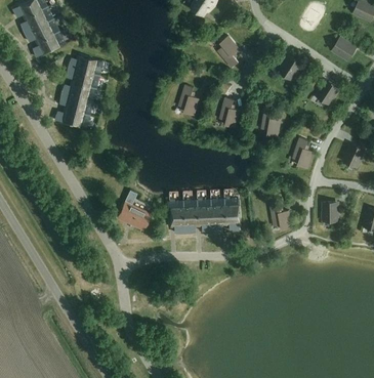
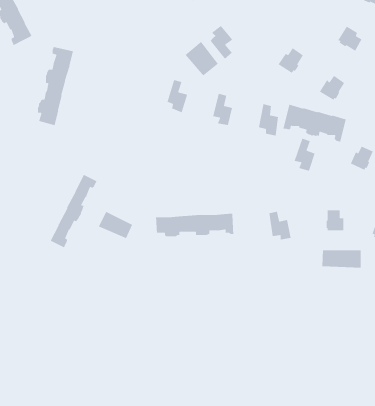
building: none -> [185,41,219,77]
building: none -> [283,100,348,144]
building: none -> [47,173,98,249]
building: none -> [322,249,361,268]

